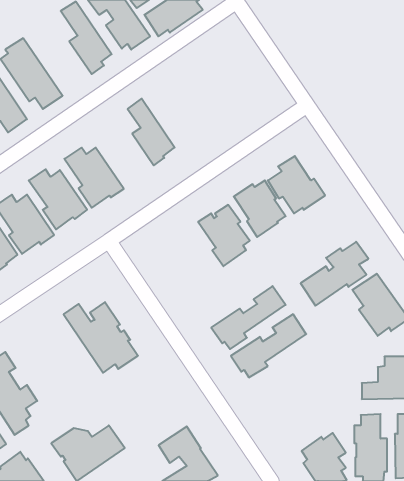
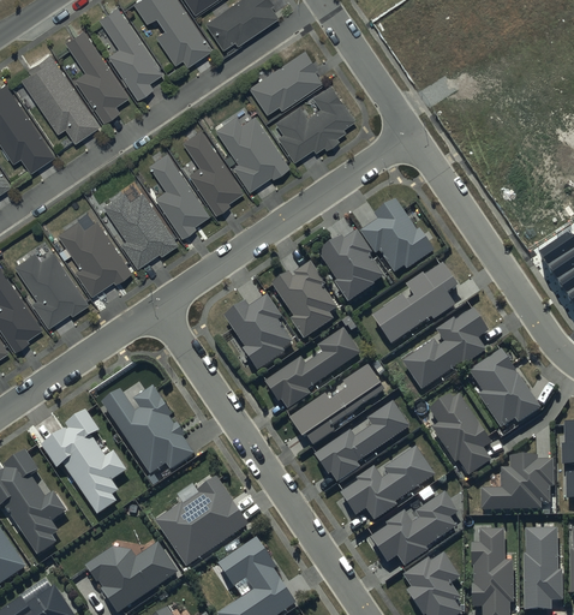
building: none -> [62,26,128,119]
building: none -> [249,47,321,111]
building: none -> [274,80,354,159]
building: none -> [214,112,288,187]
building: none -> [147,149,209,234]
building: none -> [371,263,458,345]
building: none -> [222,295,292,370]
building: none -> [264,328,360,408]
building: none -> [427,394,491,476]
building: none -> [41,410,126,515]
building: none -> [339,446,436,520]
building: none -> [155,477,247,567]
building: none -> [370,492,458,567]

